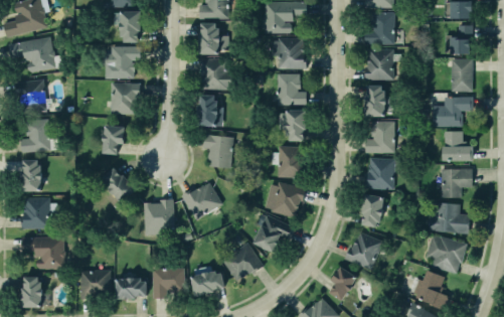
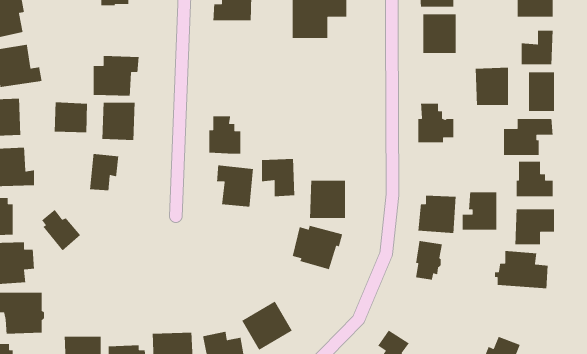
building: [114,11,142,43] -> none
building: [198,22,228,54] -> none
building: [269,36,307,69] -> none
building: [366,49,393,81] -> [475,67,509,106]
building: [200,59,230,91] -> none
building: [278,74,307,106] -> none
building: none -> [54,101,88,133]
building: [279,111,306,142] -> [261,158,295,197]
building: [364,121,392,152] -> [462,191,497,230]
building: [103,168,135,202] -> [41,209,81,252]
building: [180,182,221,219] -> none
building: [142,198,173,234] -> none
building: [254,213,292,251] -> none
building: [343,230,383,270] -> none
building: [426,234,466,275] -> none

